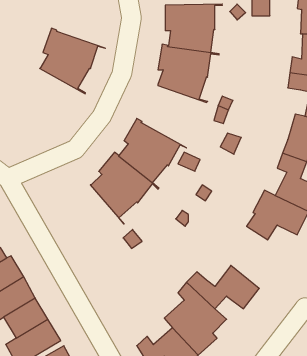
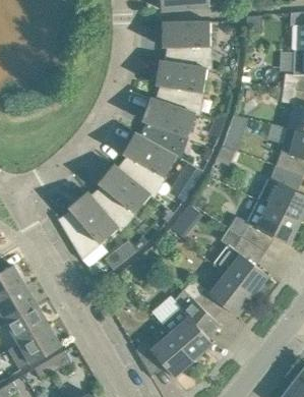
building: [40,28,105,94] -> [138,97,201,160]
building: none -> [54,190,122,262]
building: none -> [212,228,268,295]

